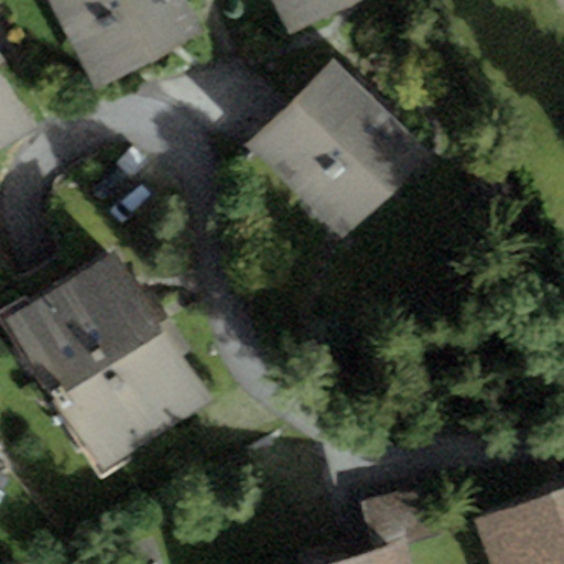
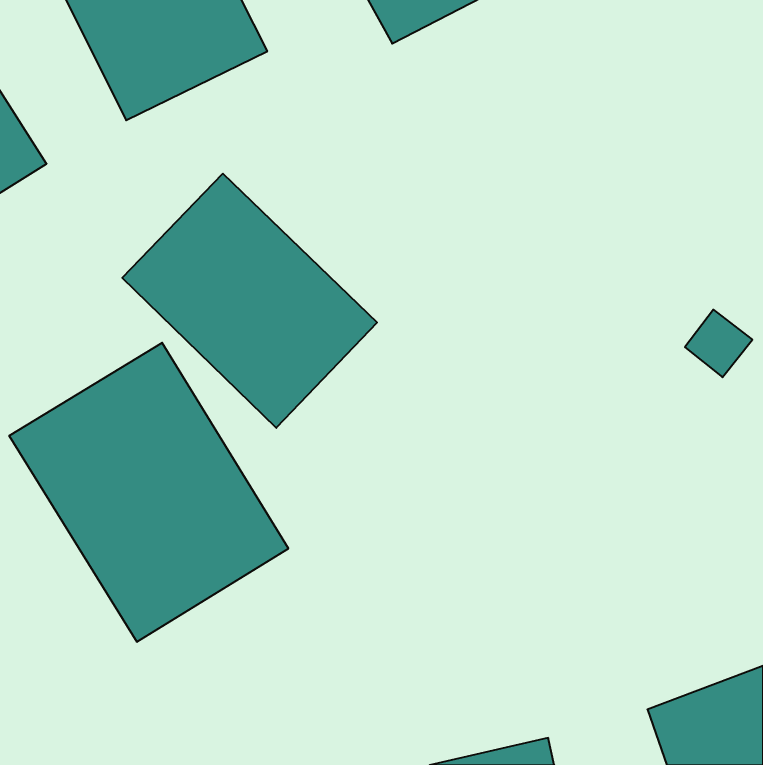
building: [247,62,426,240] -> none
building: none -> [122,174,377,428]

